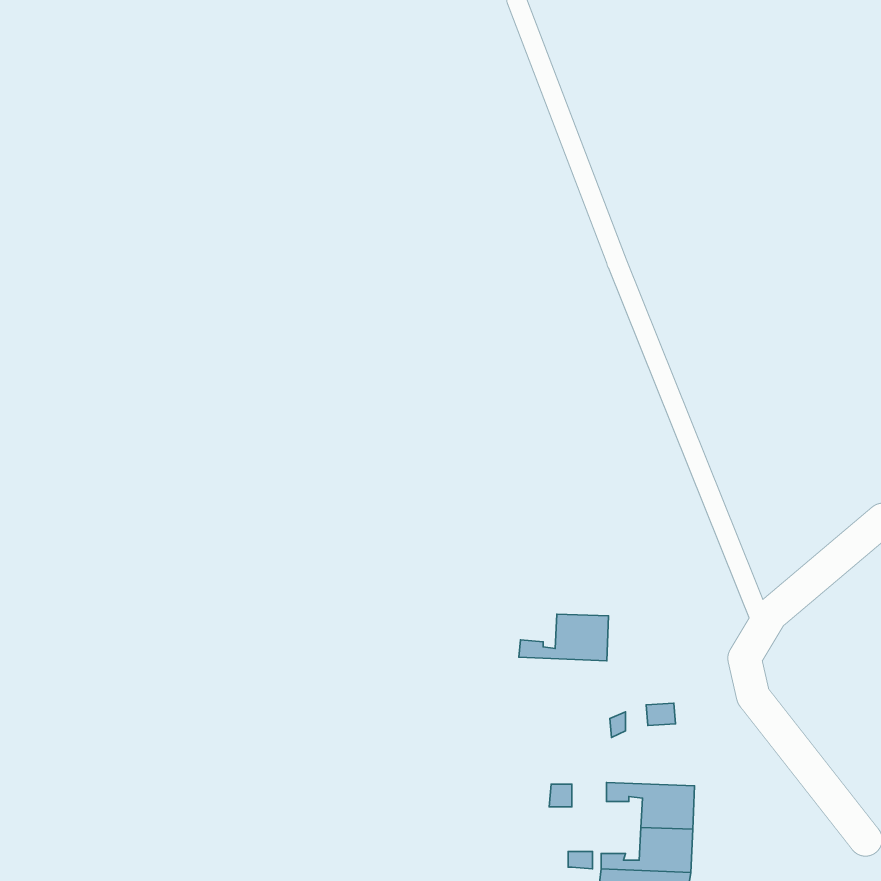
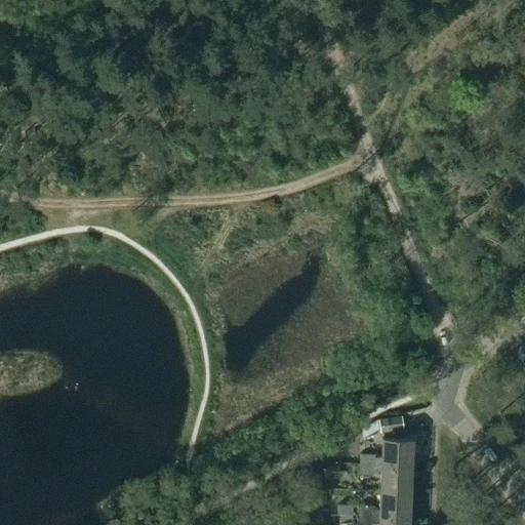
building: [519,614,609,661] -> [361,440,414,468]

